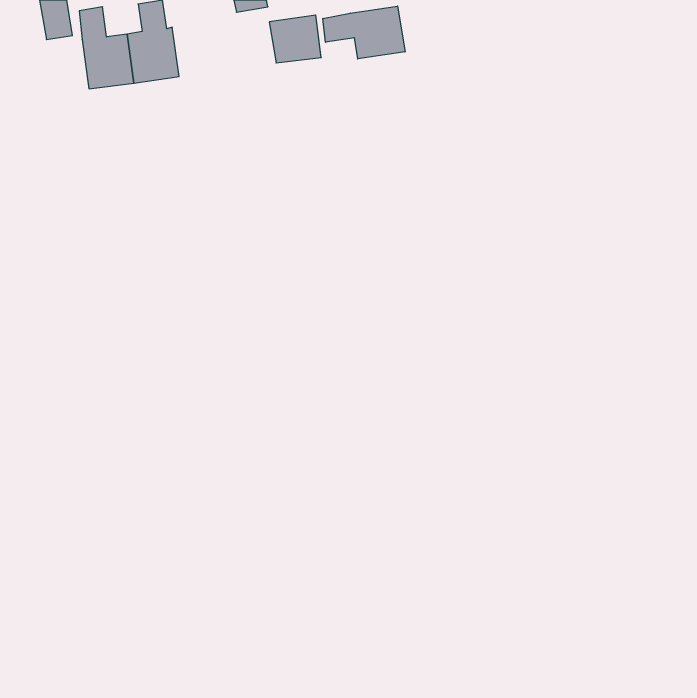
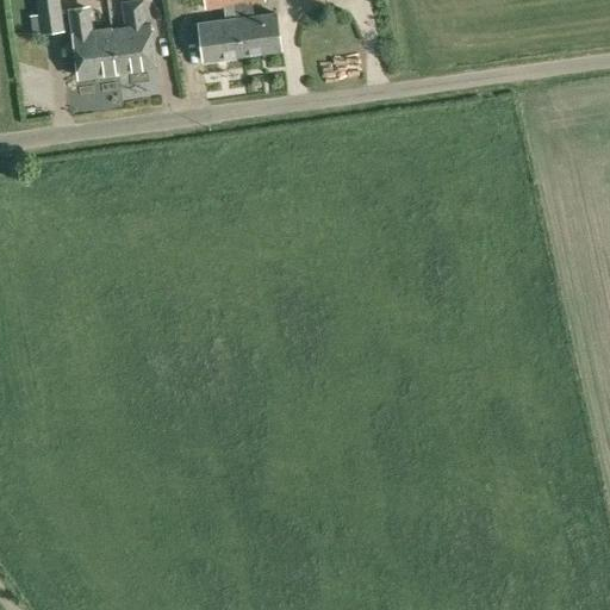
building: [323,6,405,59] -> none
building: none -> [198,19,241,61]

